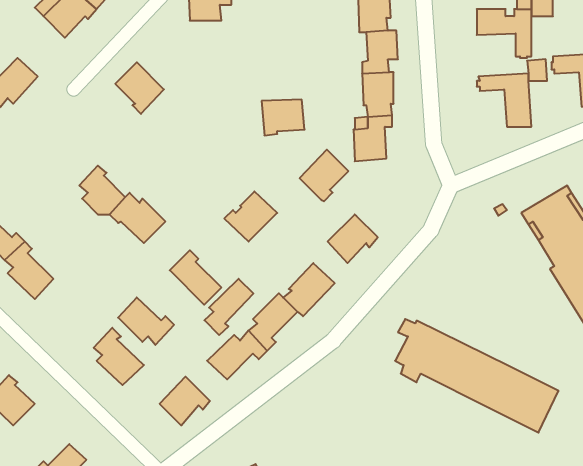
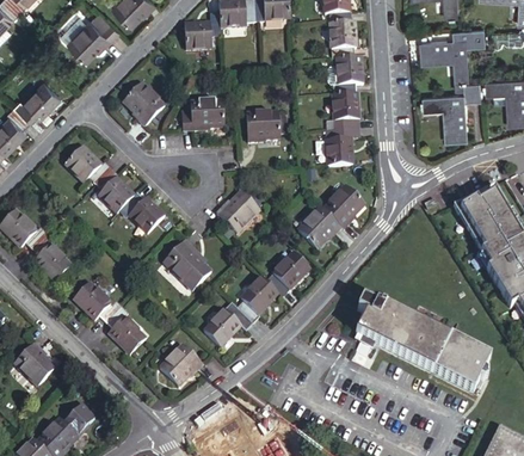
building: none -> [180,100,214,130]
building: none -> [61,147,107,185]
building: [300,150,348,201] -> [322,186,363,229]
building: [204,279,253,335] -> none
building: [118,297,174,345] -> [73,281,119,320]

